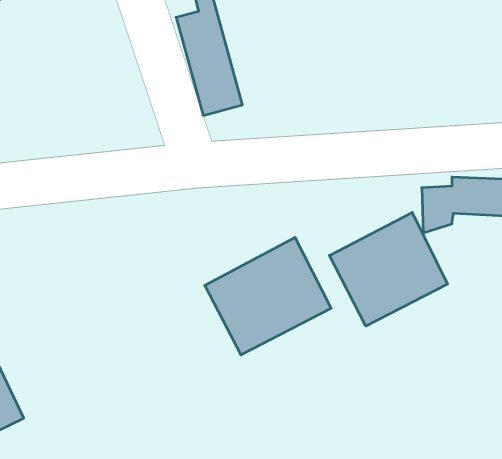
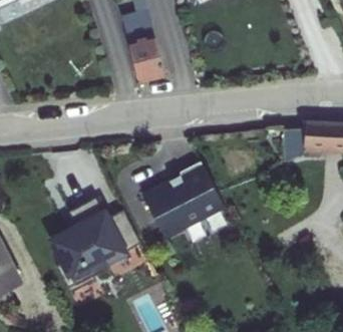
building: [329,212,448,326] -> none
building: none -> [45,198,138,288]

